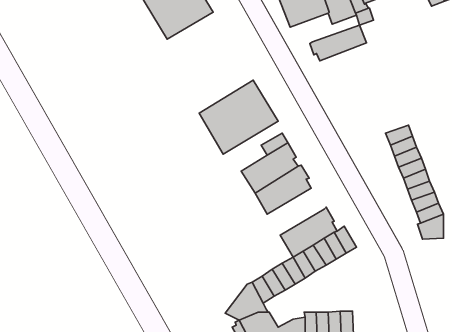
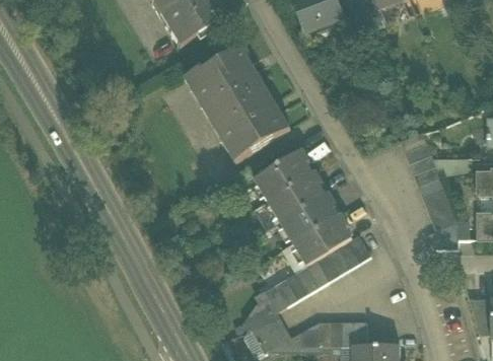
building: [310,25,367,61] -> none
building: none -> [187,46,267,120]
building: none -> [281,194,339,243]

